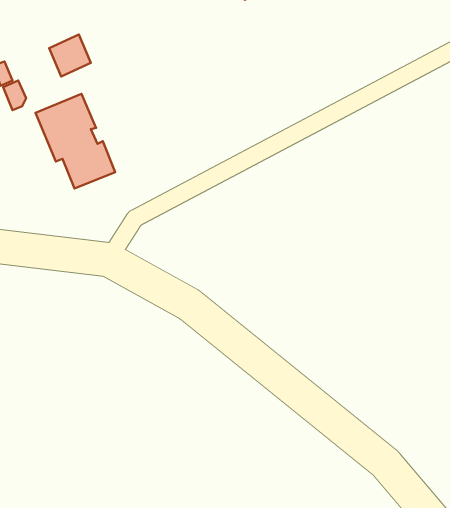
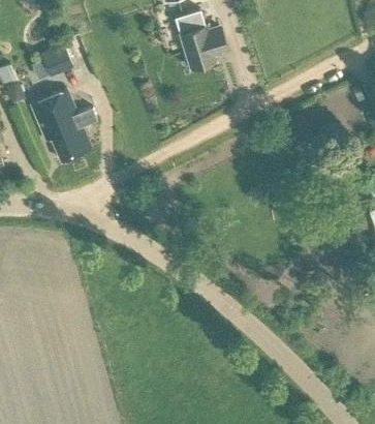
building: none -> [180,24,227,68]

